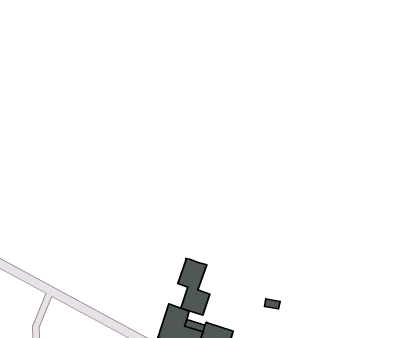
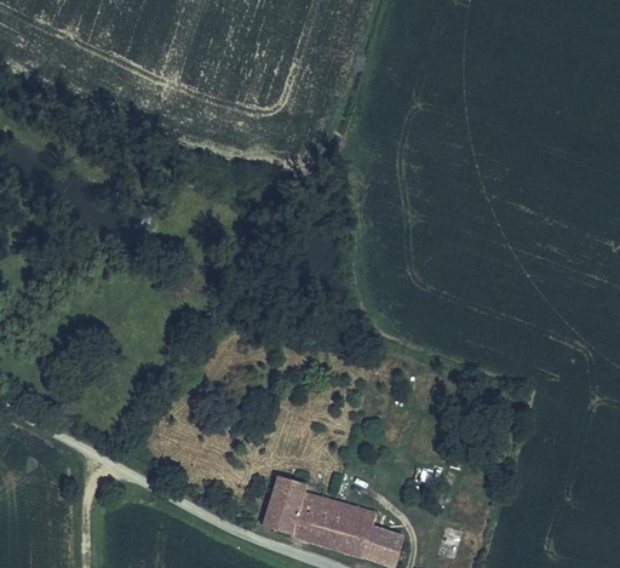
building: [178,258,210,315] -> none

